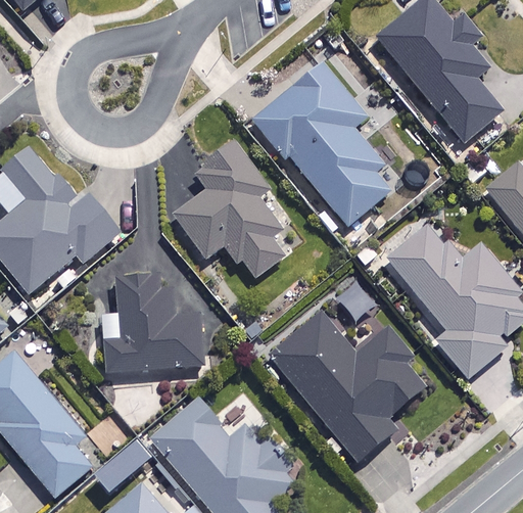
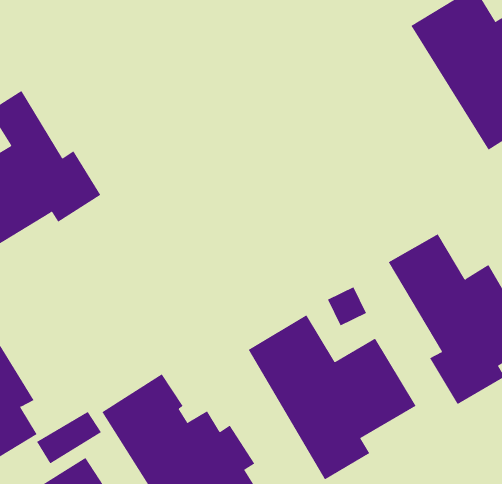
building: [256,64,397,226] -> none
building: [173,140,285,283] -> none
building: [100,277,202,375] -> none

